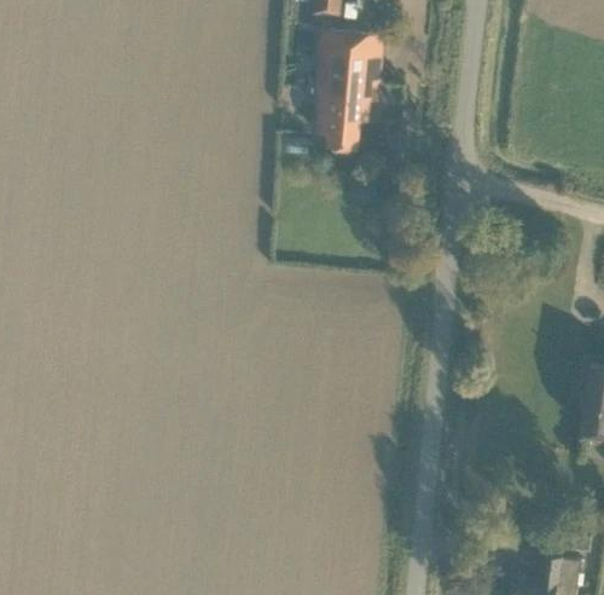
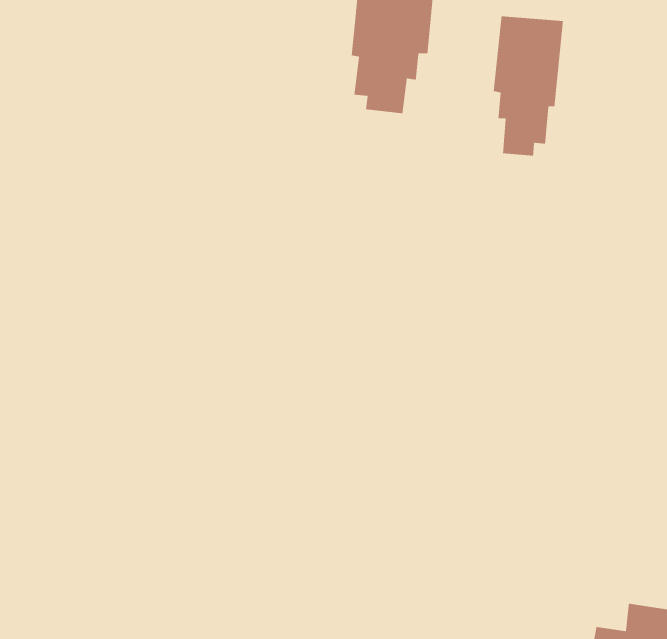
building: none -> [493,15,564,157]

